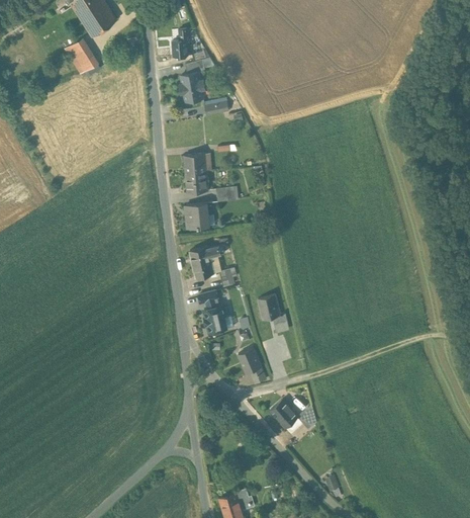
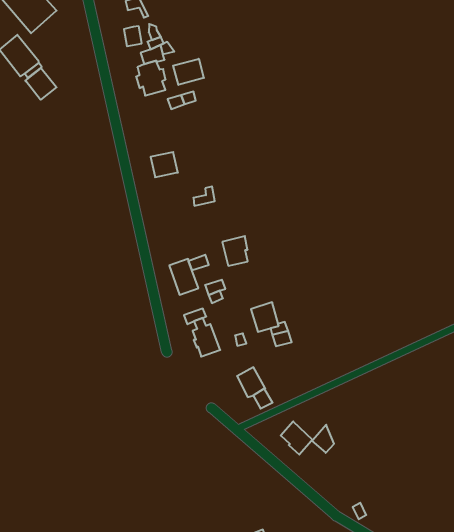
building: none -> [25,68,57,100]
building: none -> [173,59,204,85]
building: [186,171,207,192] -> none
building: [186,203,207,228] -> [222,236,248,266]

